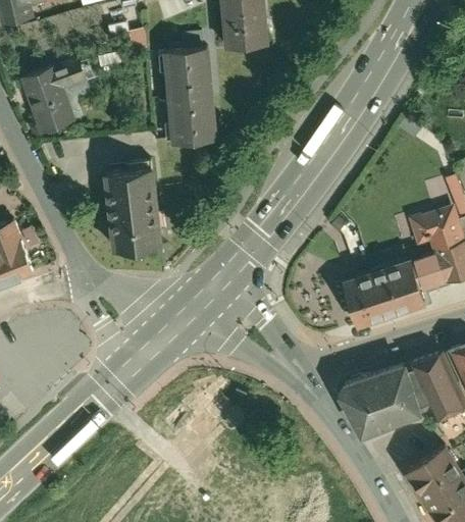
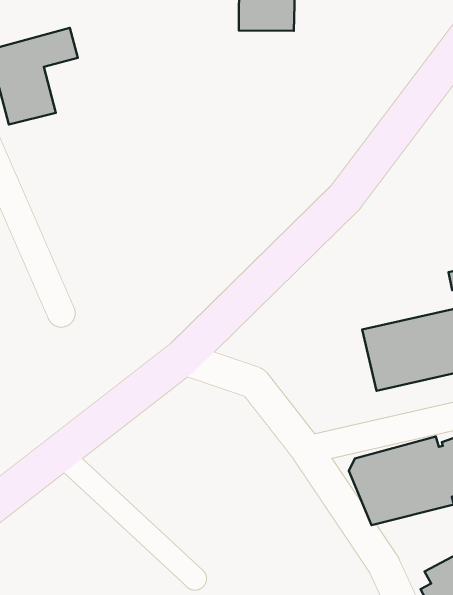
building: [167,47,214,142] -> none
building: [108,166,164,251] -> none

